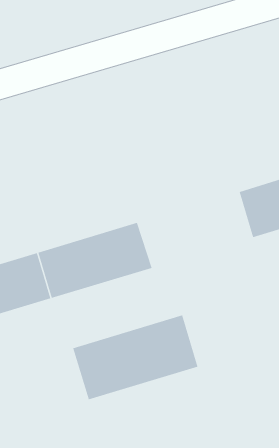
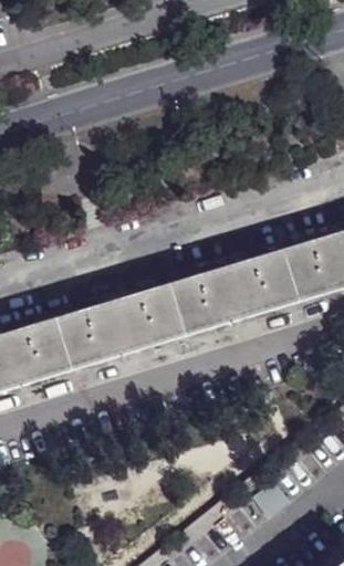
building: none -> [171,248,301,334]
building: [72,315,198,400] -> none

